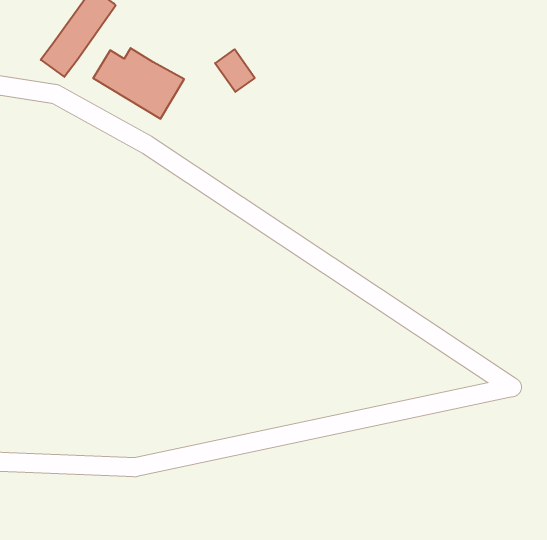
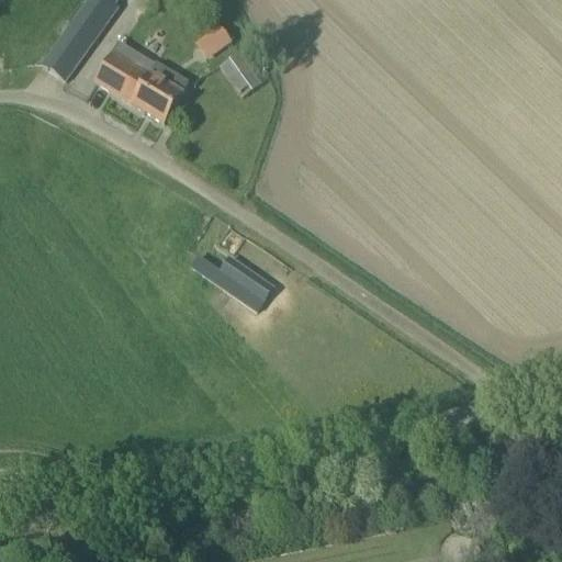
building: none -> [196,23,233,57]
building: none -> [192,255,273,310]

